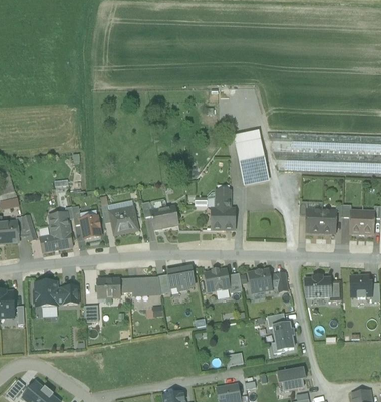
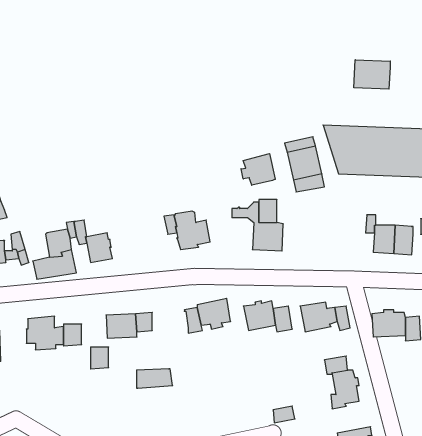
building: none -> [354,60,390,89]
building: none -> [241,154,275,185]
building: [108,208,139,235] -> none
building: [132,277,160,292] -> [137,369,173,388]

